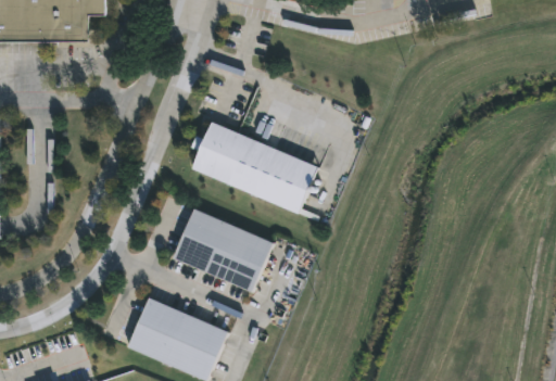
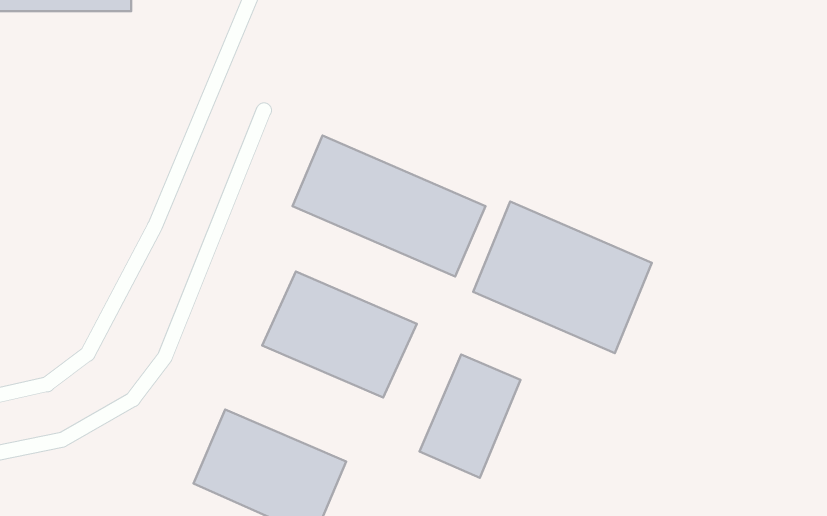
building: none -> [473,201,652,353]
building: none -> [419,354,521,478]

